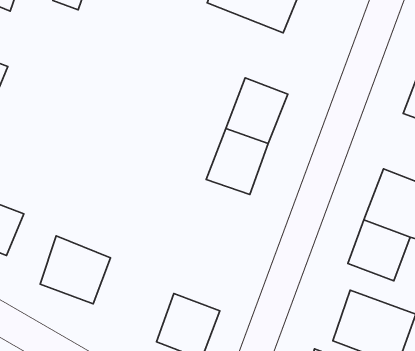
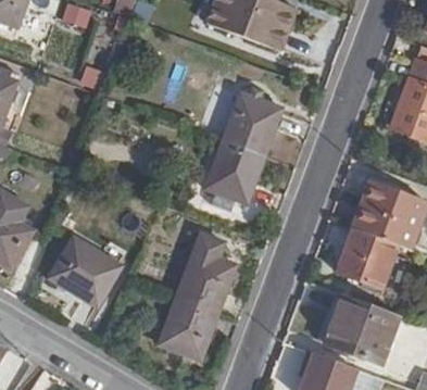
building: none -> [174,237,235,314]

